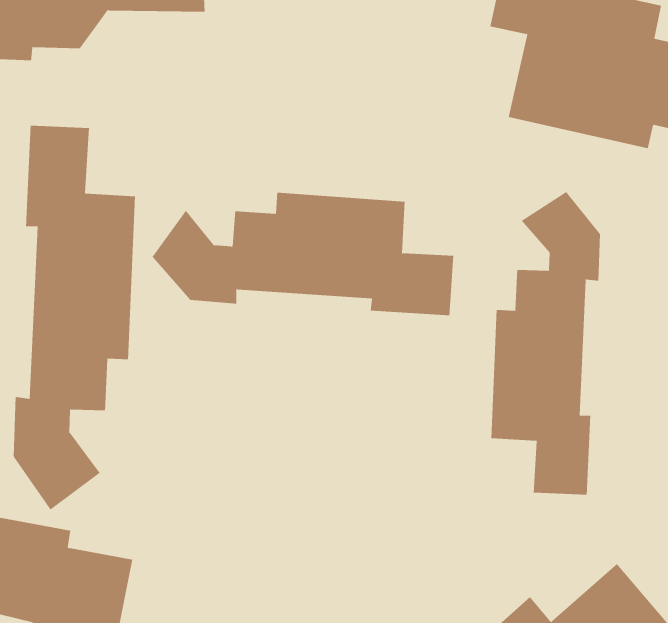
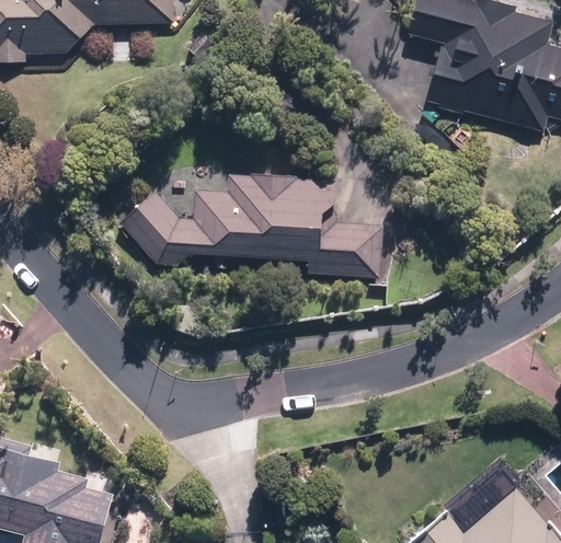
building: [13,125,136,510] -> none
building: [491,191,600,495] -> none

